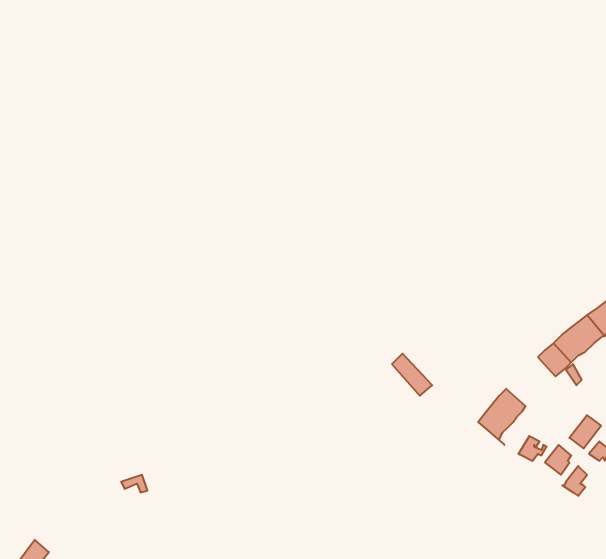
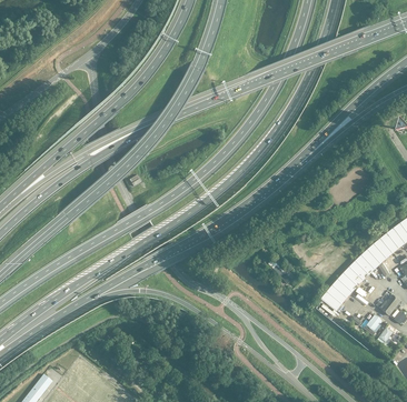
building: none -> [340,258,371,289]

